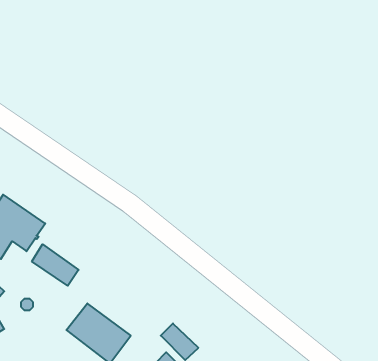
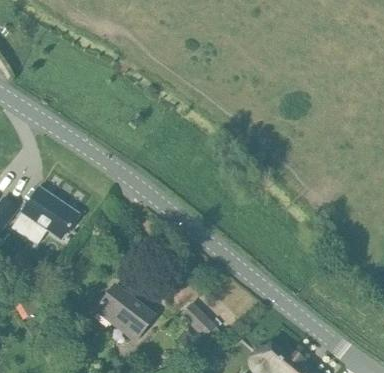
building: [32,244,79,286] -> none

